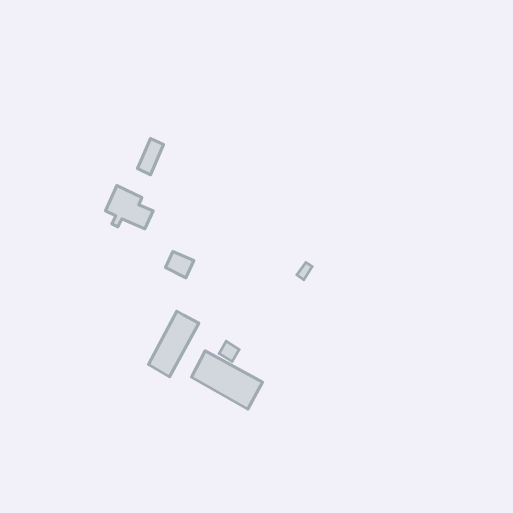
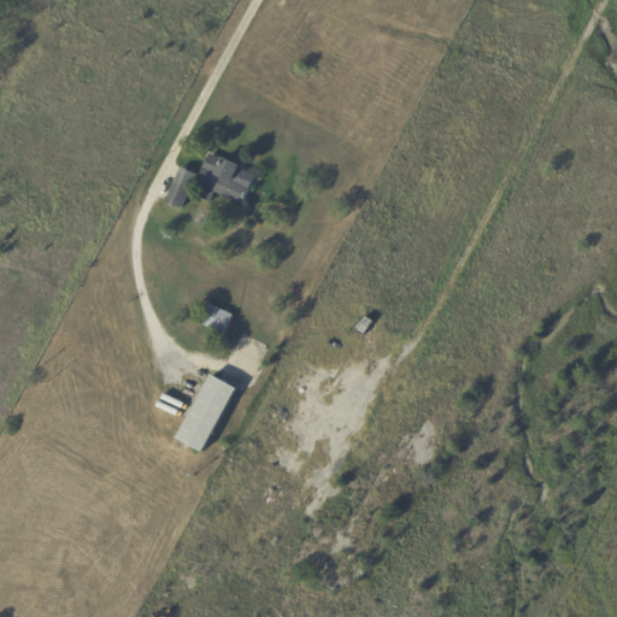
building: [106,186,153,229] -> [195,152,252,204]
building: [192,351,263,409] -> none

